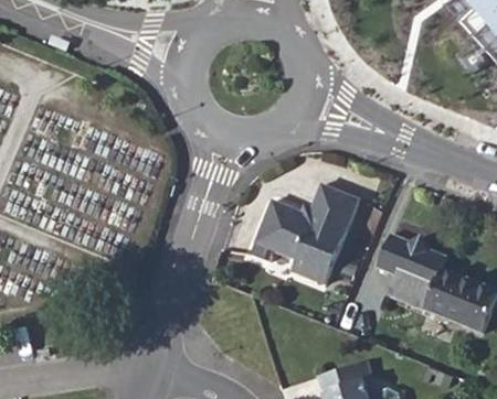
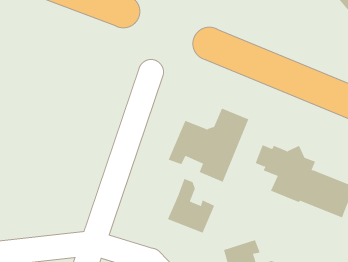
building: none -> [167,178,215,233]

